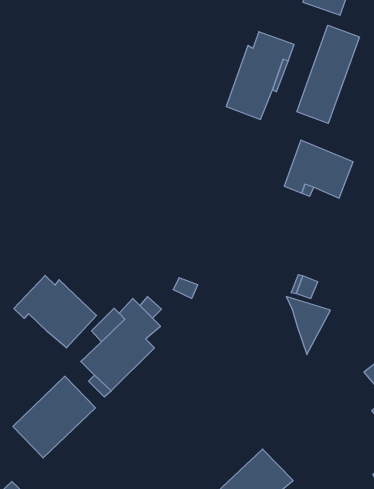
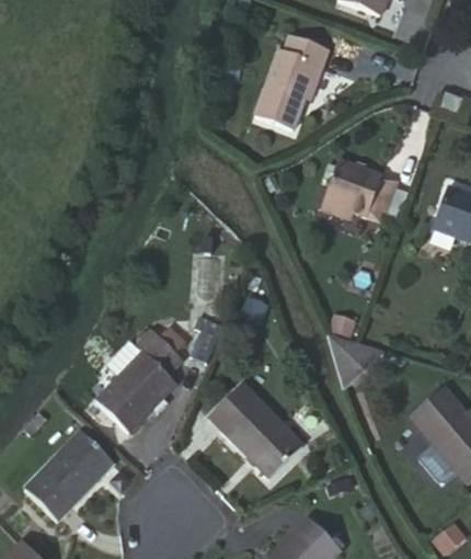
building: [297,25,360,123] -> none
building: [14,275,97,348] -> none
building: none -> [208,373,301,467]

